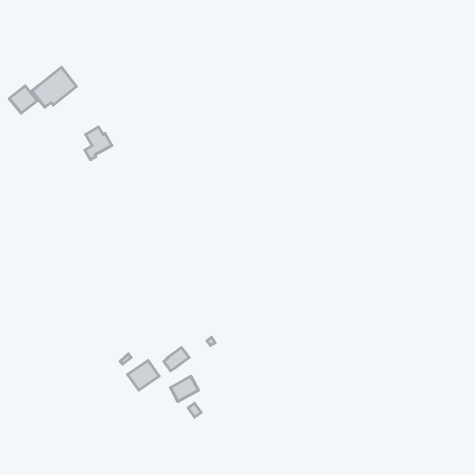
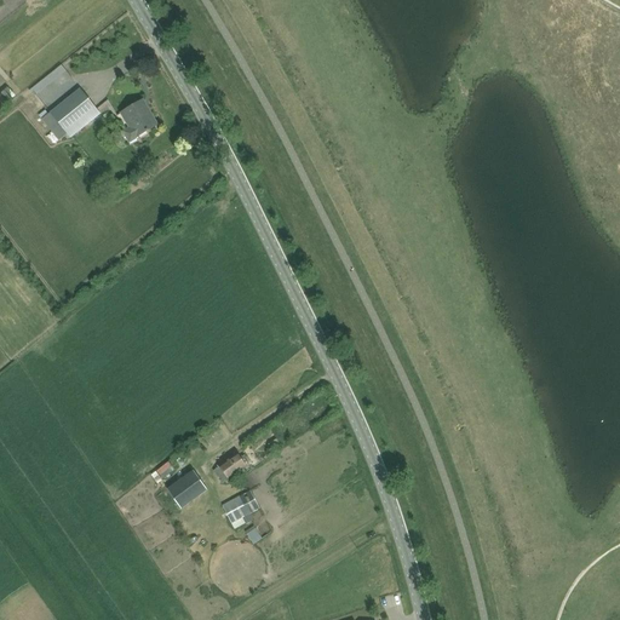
building: [9,86,37,113] -> none
building: [85,127,112,160] -> [121,101,156,143]

